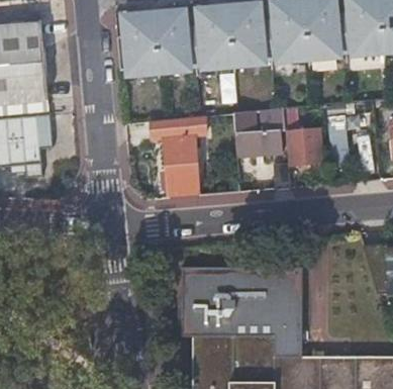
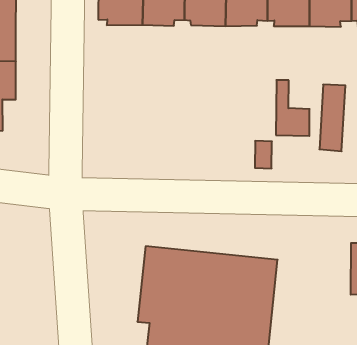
building: [233,108,284,154] -> none
building: [152,115,198,194] -> none

